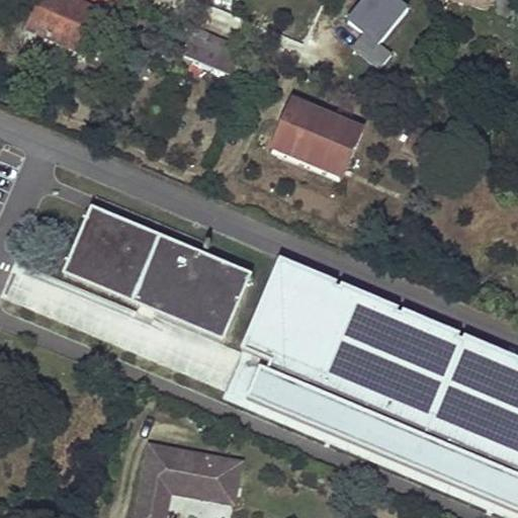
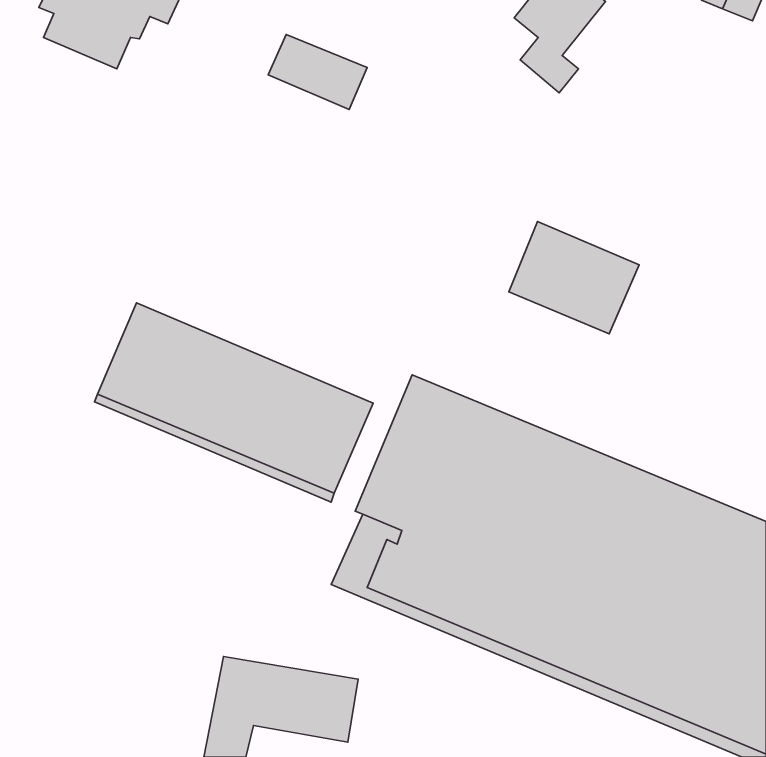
building: [273,98,361,174] -> [509,221,639,334]

